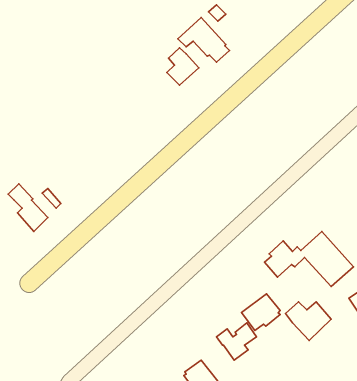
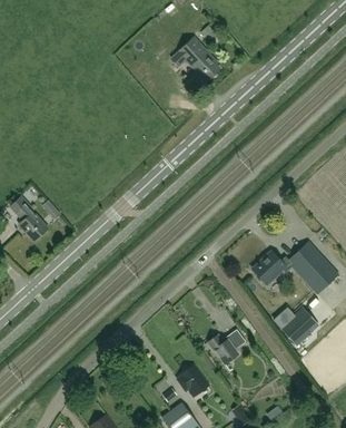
building: [167,48,199,85] -> none
building: [242,294,280,330] -> none

